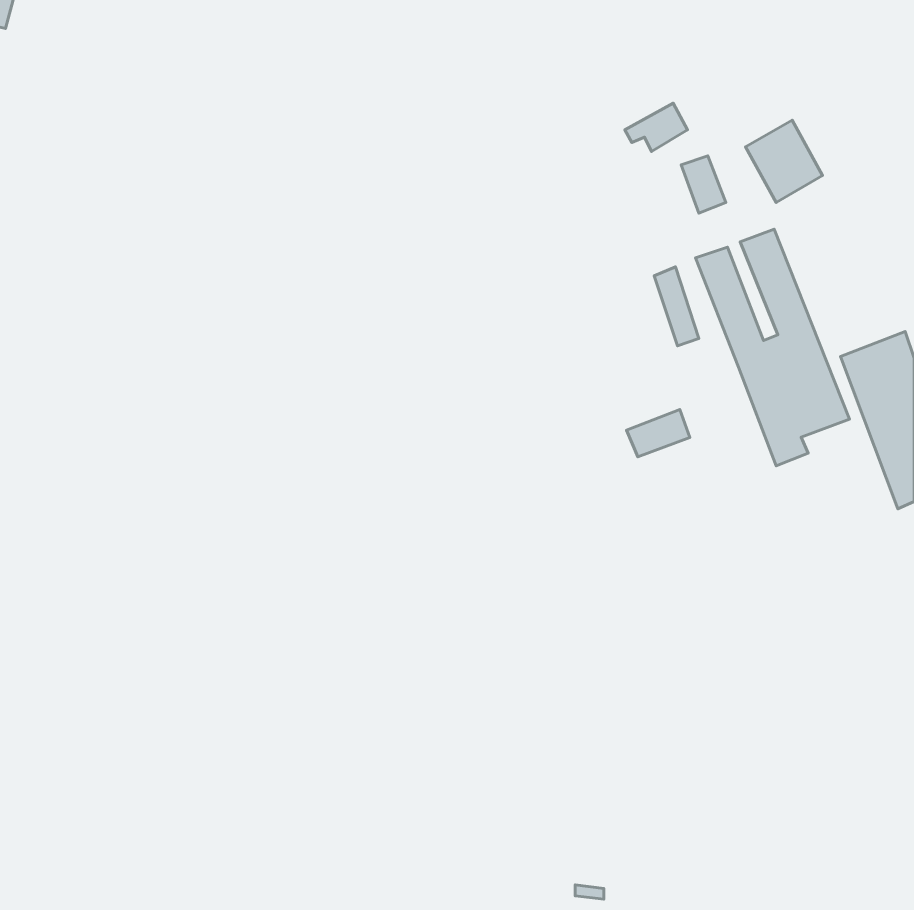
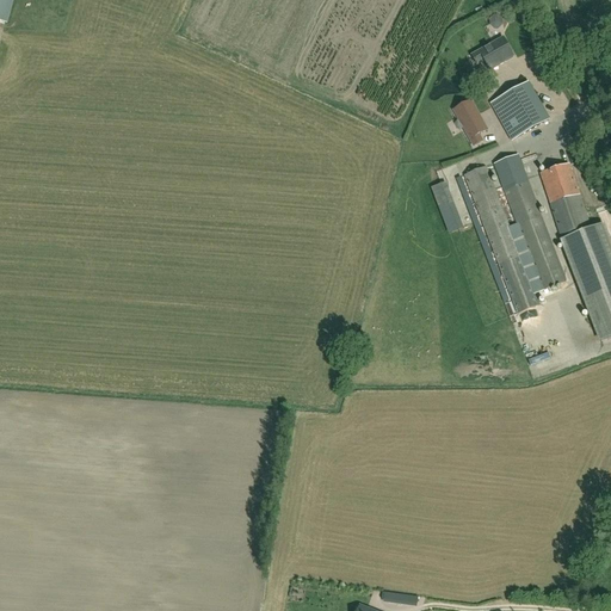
building: [625,103,687,151] -> [470,35,512,67]
building: none -> [539,161,588,234]
building: [627,409,690,457] -> none

